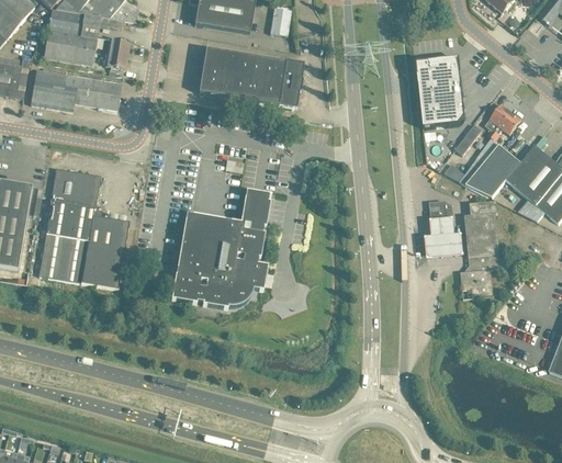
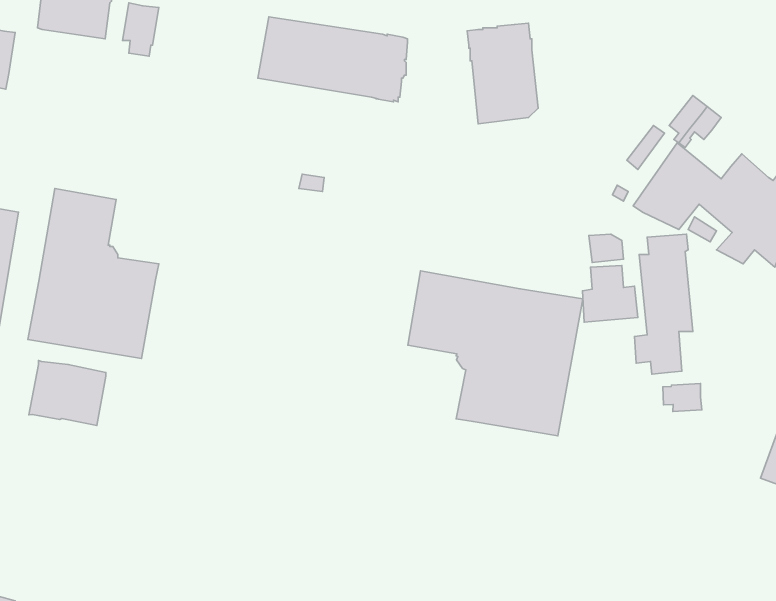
building: [416,57,465,127] -> [467,23,538,124]
building: [31,68,122,111] -> none
building: [171,189,271,307] -> none
building: none -> [408,271,583,436]
building: none -> [29,360,106,426]
building: none -> [663,383,702,411]

